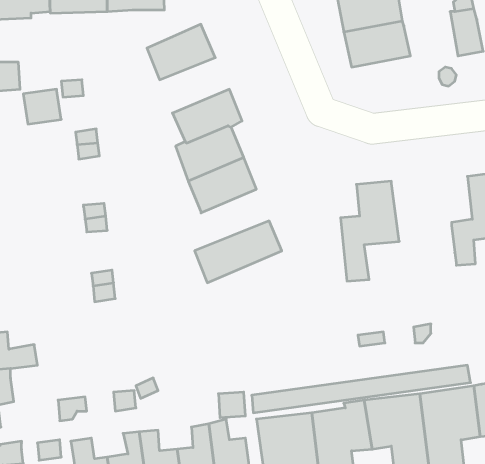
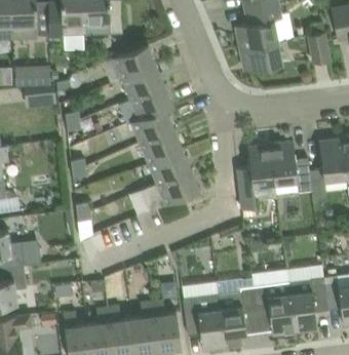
building: none -> [120,66,165,102]
building: none -> [270,143,311,192]
building: none -> [134,151,191,191]

